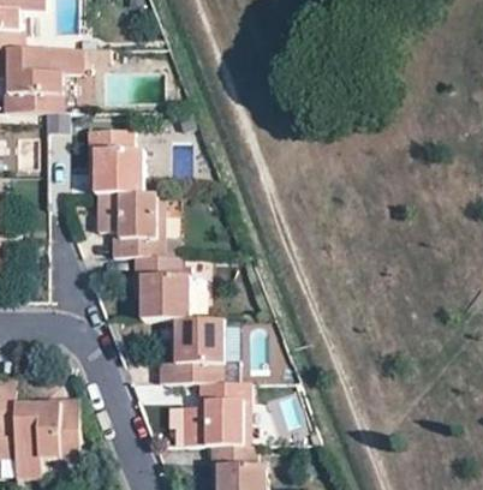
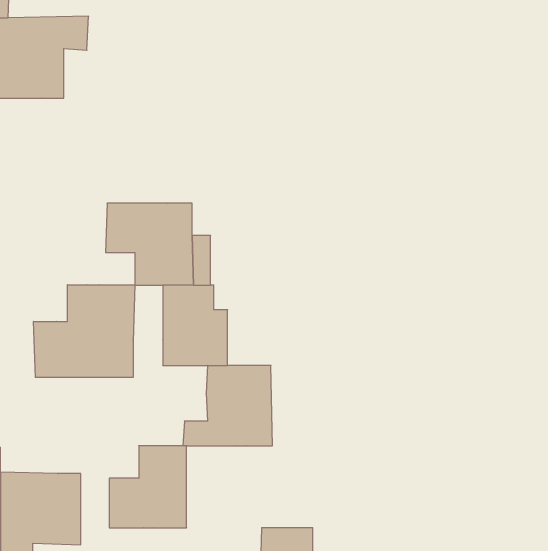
building: [91,130,142,193] -> none
building: none -> [34,285,135,377]
building: [180,382,240,446] -> [109,446,187,528]

